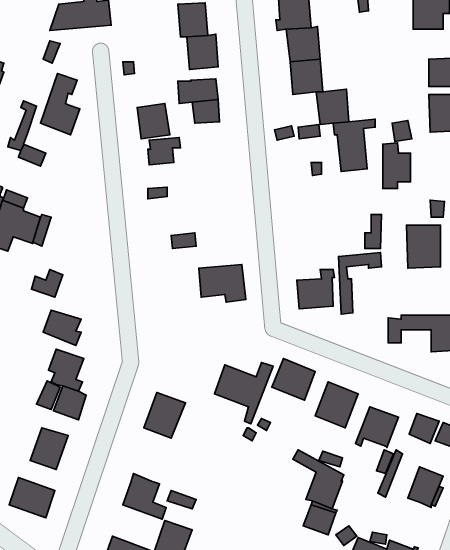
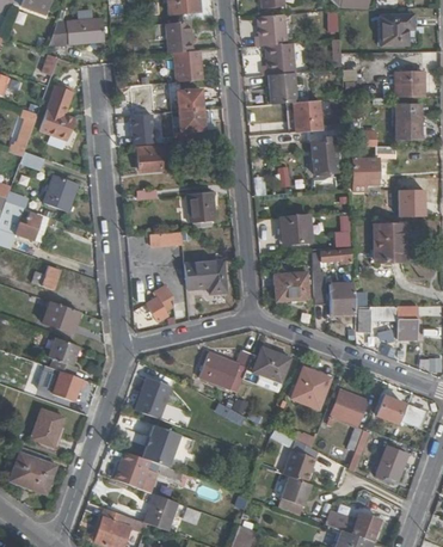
building: none -> [43,174,78,211]
building: none -> [186,191,215,222]
building: none -> [279,215,310,244]
building: none -> [331,282,355,313]
building: none -> [146,284,173,321]
building: none -> [141,424,179,466]

